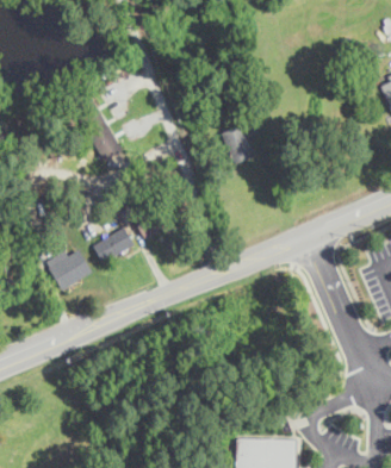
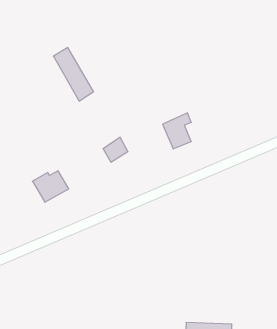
building: [221,120,256,166] -> [163,113,191,149]
building: [93,227,135,263] -> none

